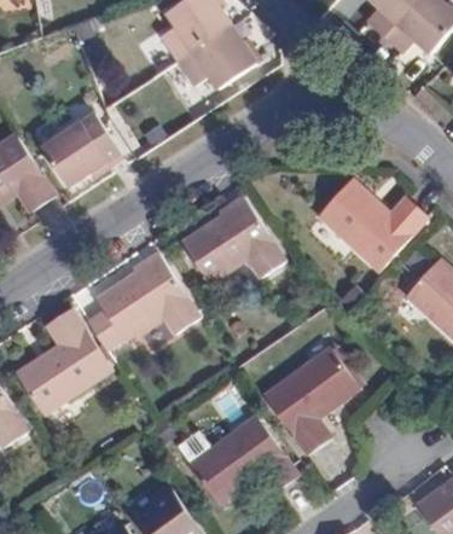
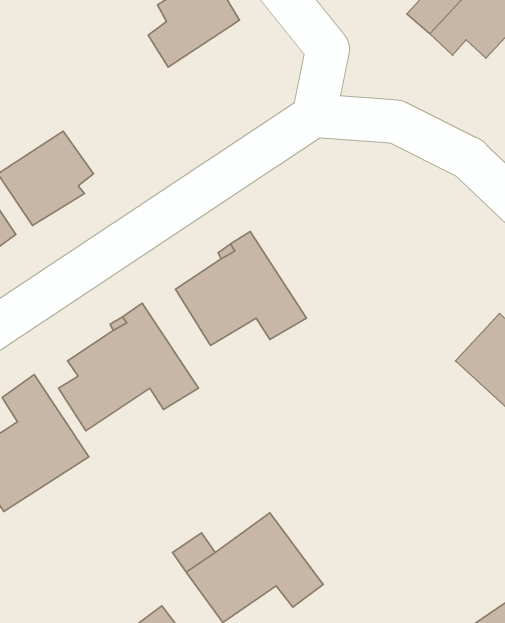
building: [175,24,256,88] -> none
building: [318,176,428,272] -> none
building: [265,348,359,453] -> none

